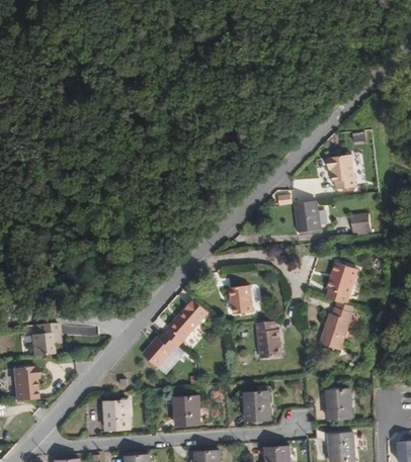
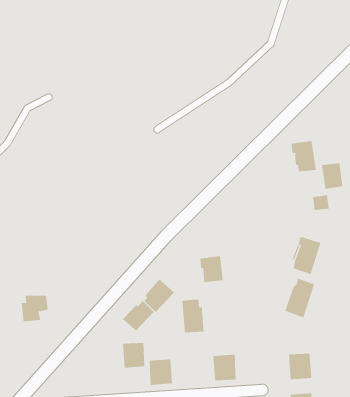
building: none -> [322,162,343,189]
building: [296,202,321,236] -> none
building: [257,319,282,357] -> [181,299,204,333]
building: [13,366,39,401] -> none
building: [102,400,128,429] -> [122,343,145,368]

